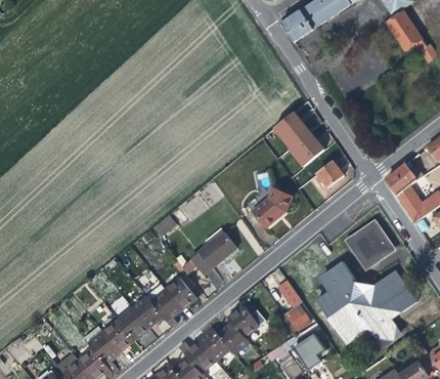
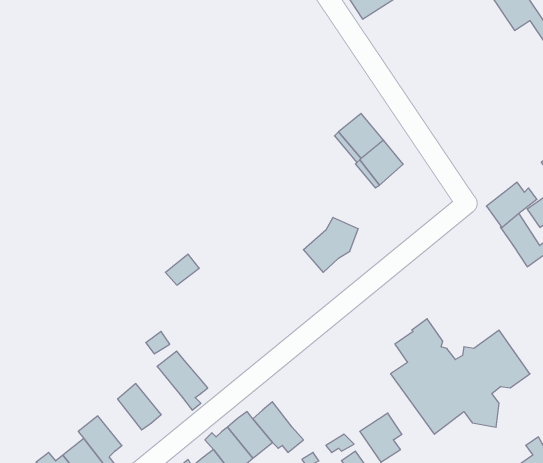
building: [318,161,346,188] -> none
building: [346,221,394,268] -> none
building: [183,231,238,277] -> none
building: [165,278,197,311] -> none
building: [278,282,311,335] -> none
building: [131,296,165,331] -> none
building: [226,304,260,340] -> none
building: [103,320,135,353] -> none

